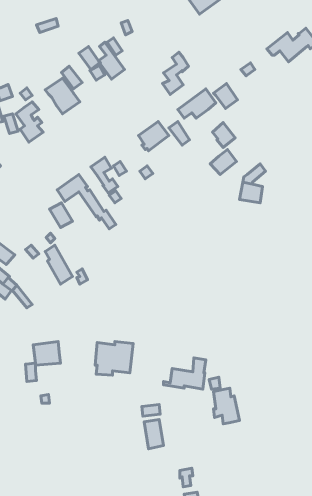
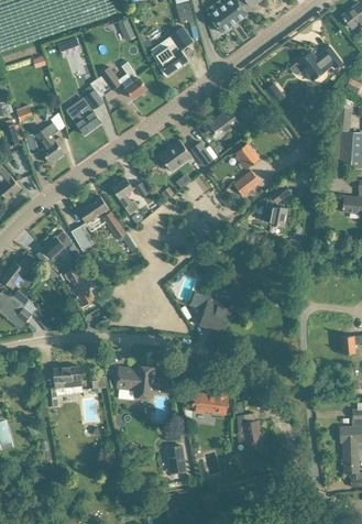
building: [163,52,189,95] -> [160,31,186,74]
building: none -> [35,231,73,265]
building: none -> [191,293,233,330]

